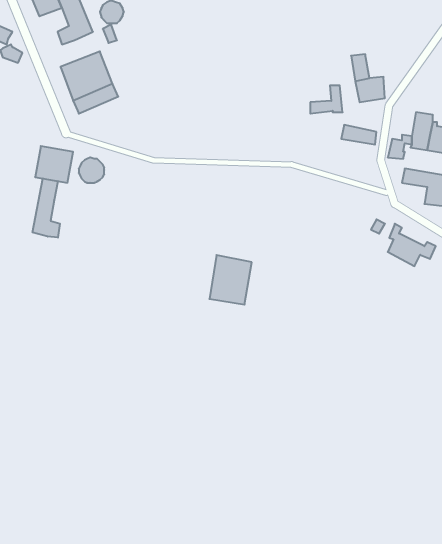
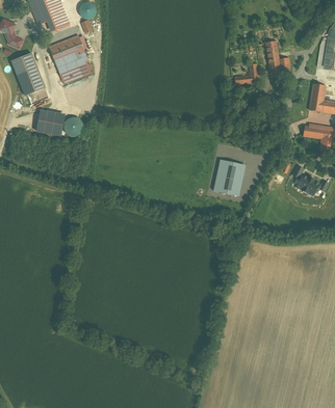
building: none -> [11,51,49,97]
building: [33,178,60,238] -> none
building: [209,255,252,305] -> [210,159,241,195]

